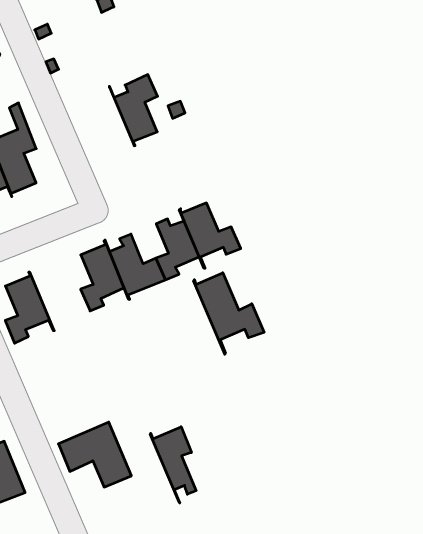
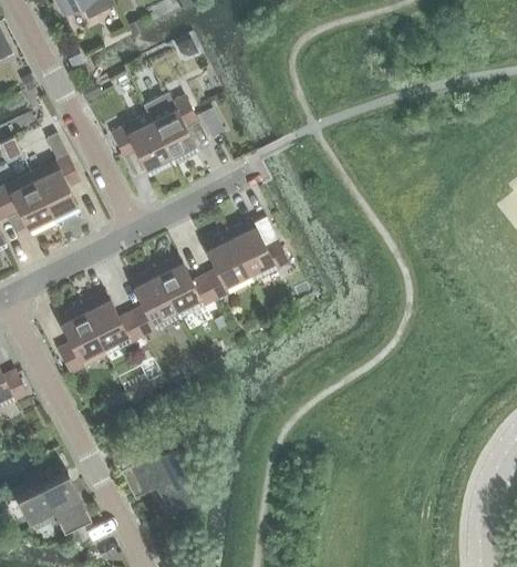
building: none -> [111,112,175,177]
building: none -> [80,293,143,359]
building: [194,273,264,354] -> none
building: [150,427,196,503] -> none

